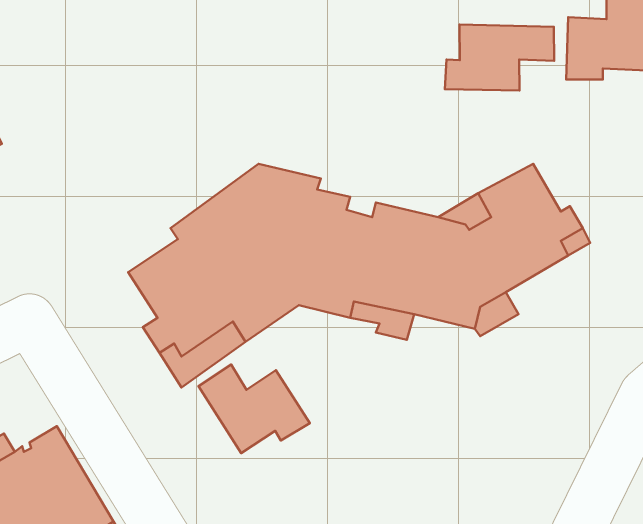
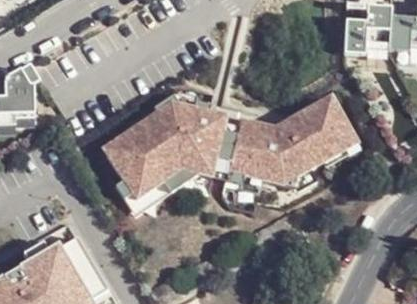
building: [445,25,554,91] -> none
building: [199,365,310,453] -> none

